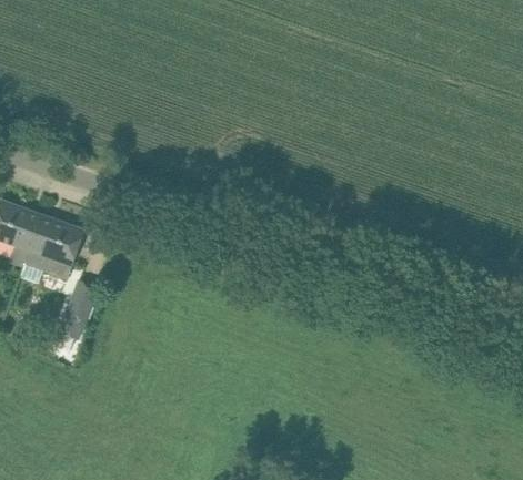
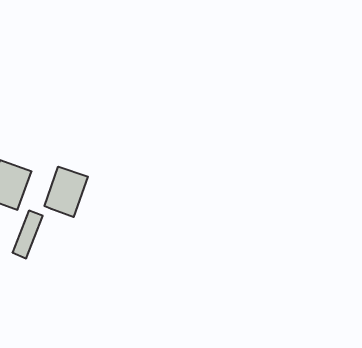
building: none -> [44,167,88,217]

